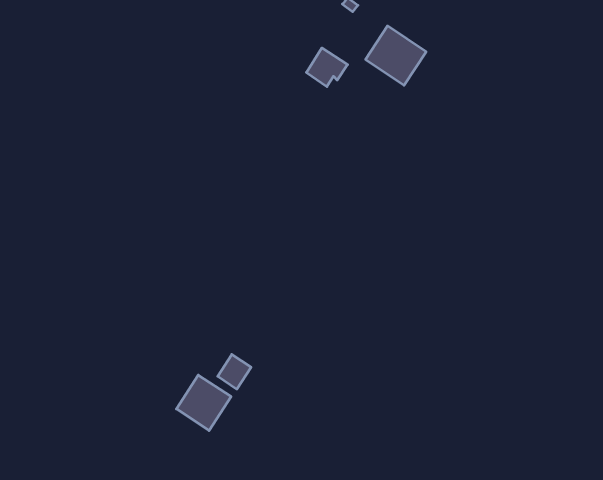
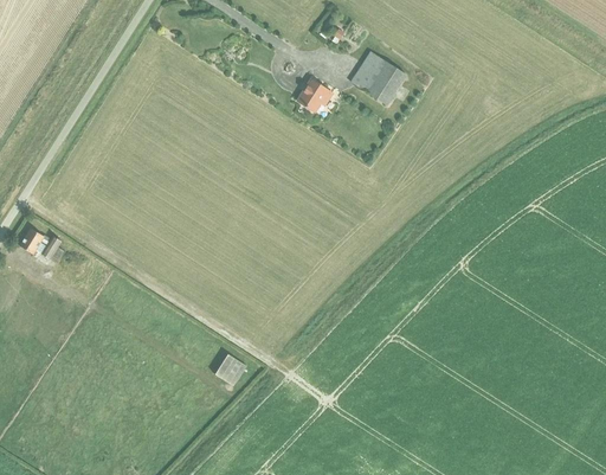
building: none -> [20,229,63,263]
building: [176,375,231,431] -> none

